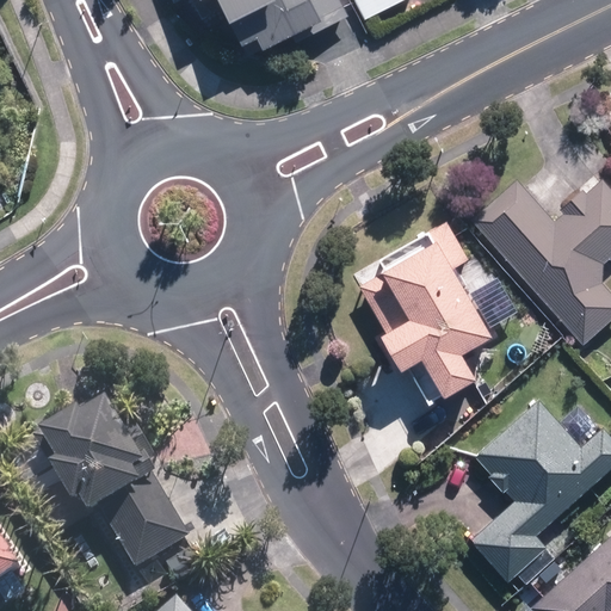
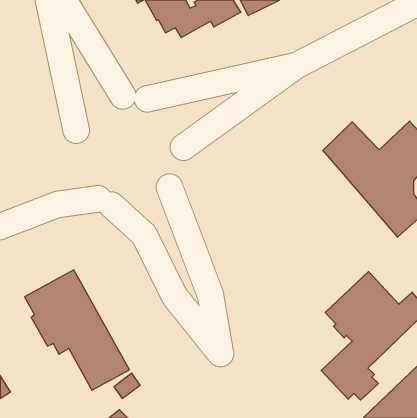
building: [356,220,493,399] -> none

